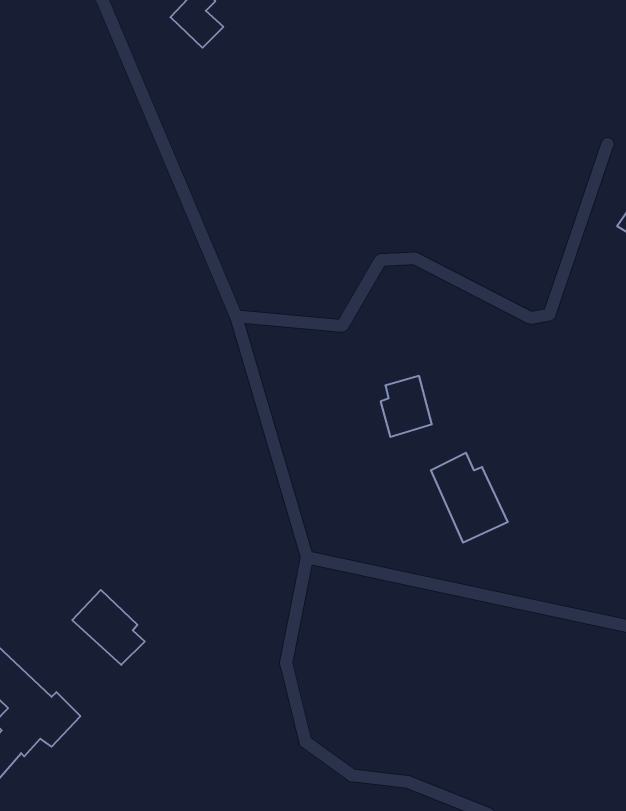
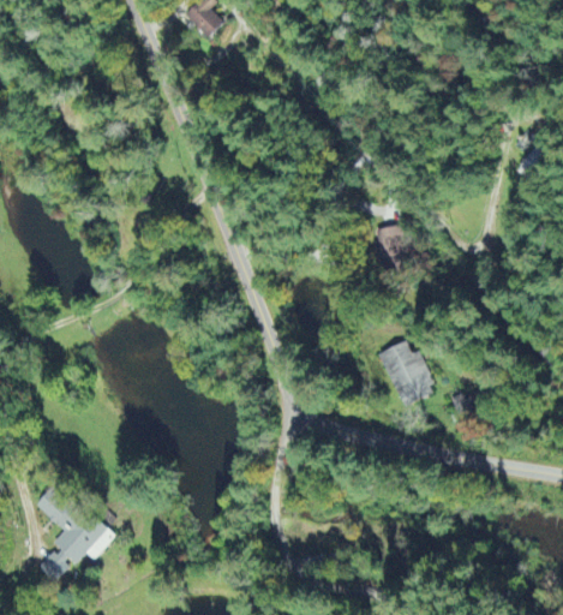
building: [381,376,432,437] -> [372,222,411,268]
building: [72,590,145,665] -> none

